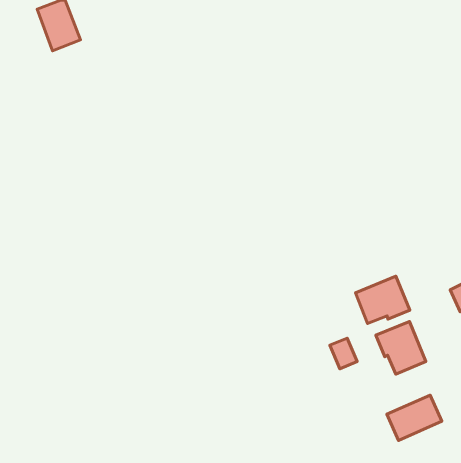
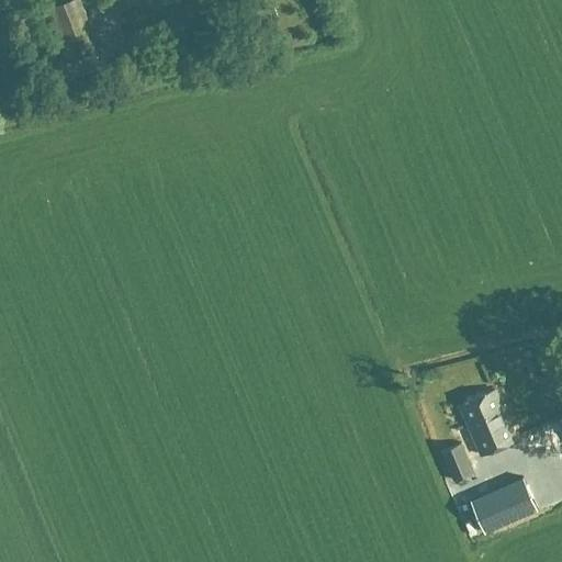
building: [356,276,410,324] -> none
building: [330,338,357,369] -> [440,443,473,481]

